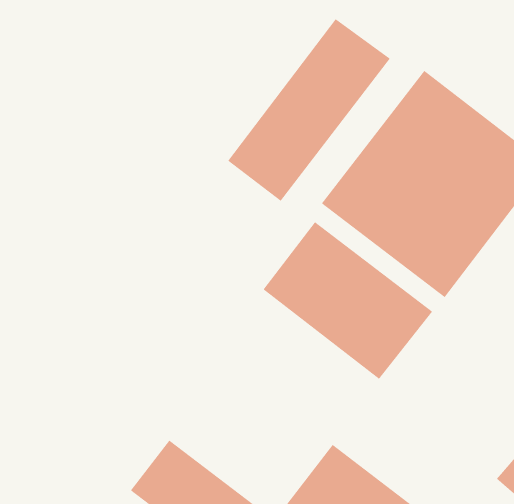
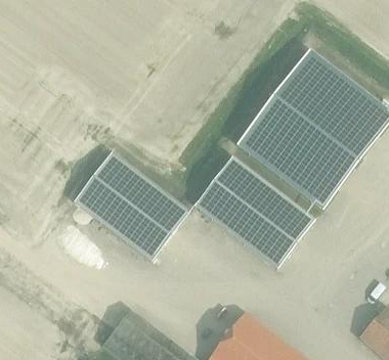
building: [227,18,391,202] -> none
building: none -> [74,151,188,259]

